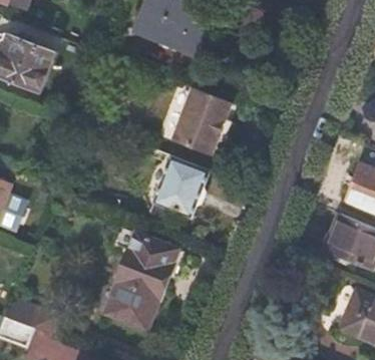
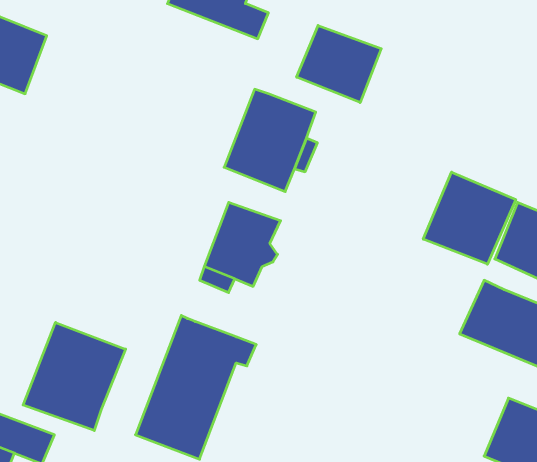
building: none -> [297,25,381,103]
building: none -> [423,172,516,264]
building: none -> [23,322,126,431]

